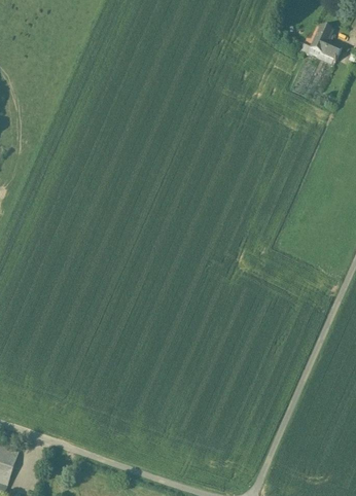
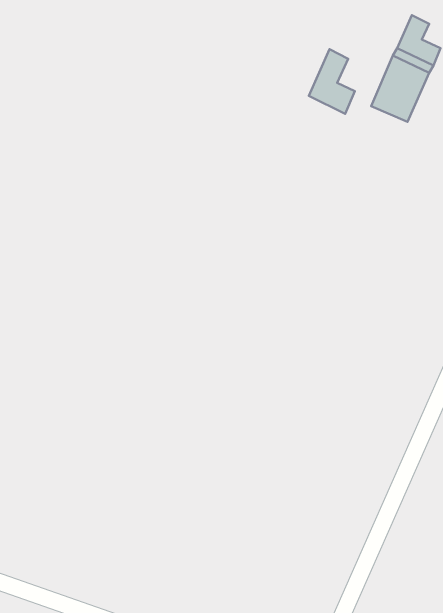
building: none -> [309,49,355,114]

